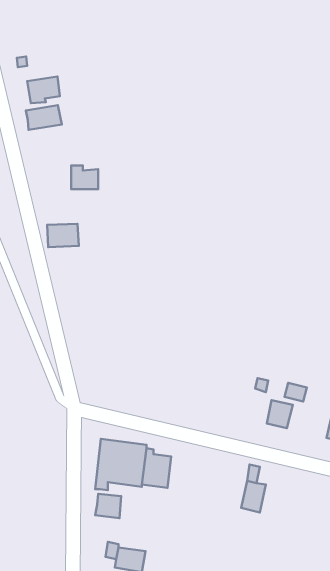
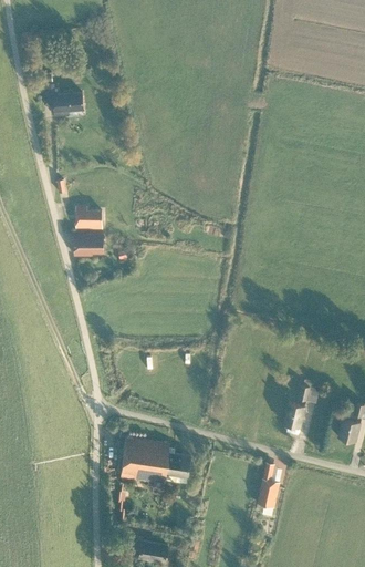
building: [26,105,62,130] -> none
building: [71,166,98,189] -> [77,209,103,231]
building: [95,494,121,518] -> none

